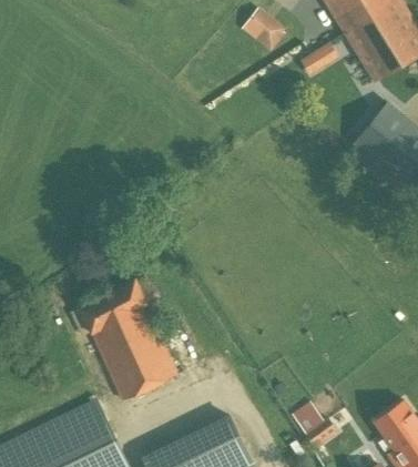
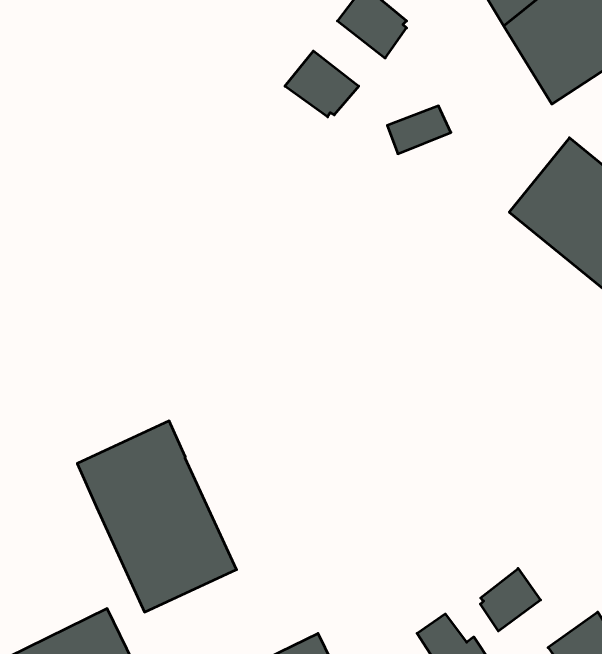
building: [300,43,340,73] -> [387,106,451,154]
building: none -> [285,51,359,117]
building: none -> [480,568,541,631]

